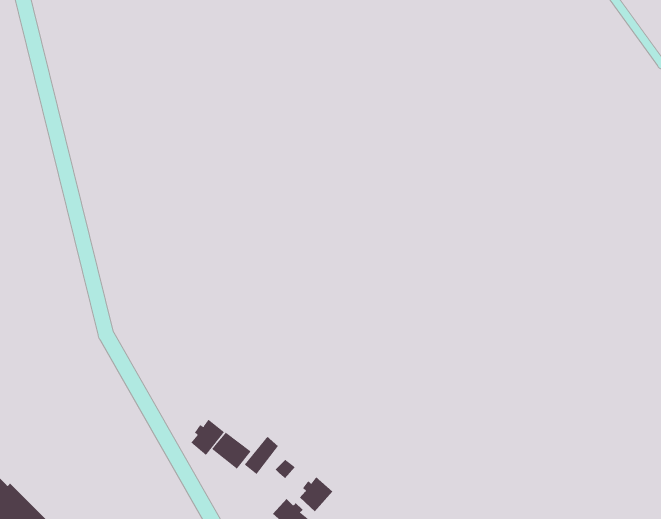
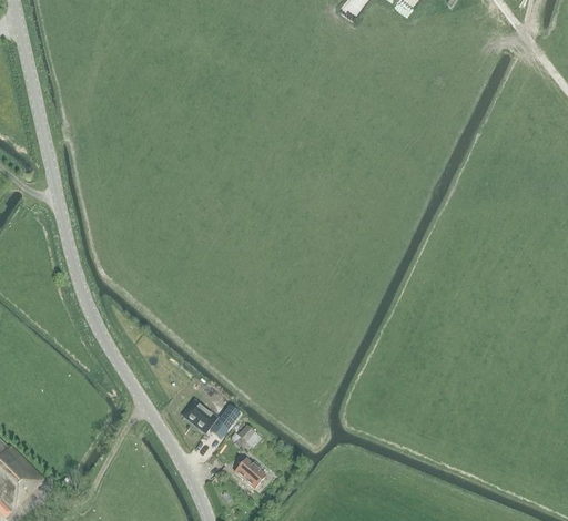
building: [190,419,225,456] -> none
building: [299,477,333,512] -> none

